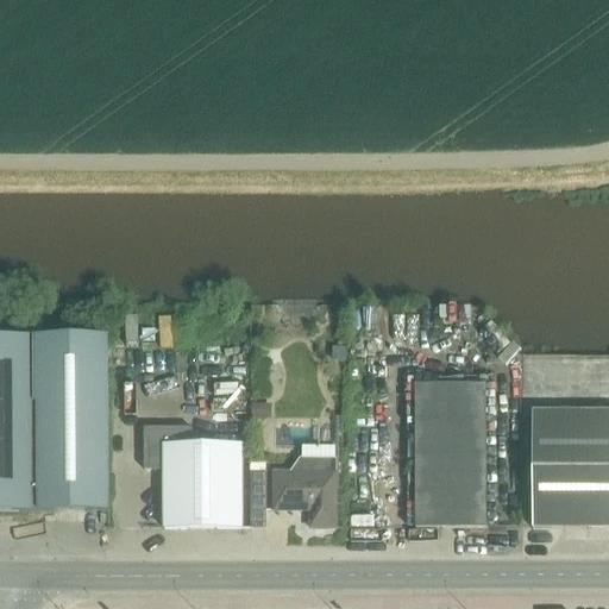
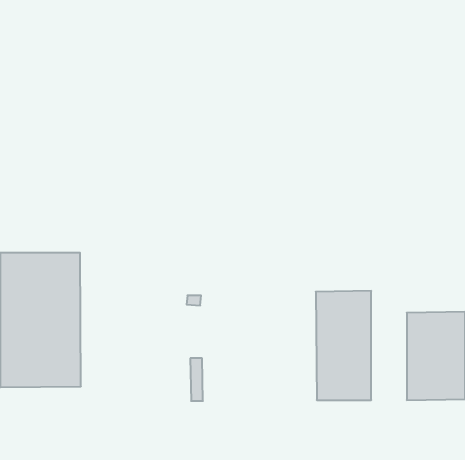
building: [143,423,241,525] -> none
building: [274,453,334,525] -> none

